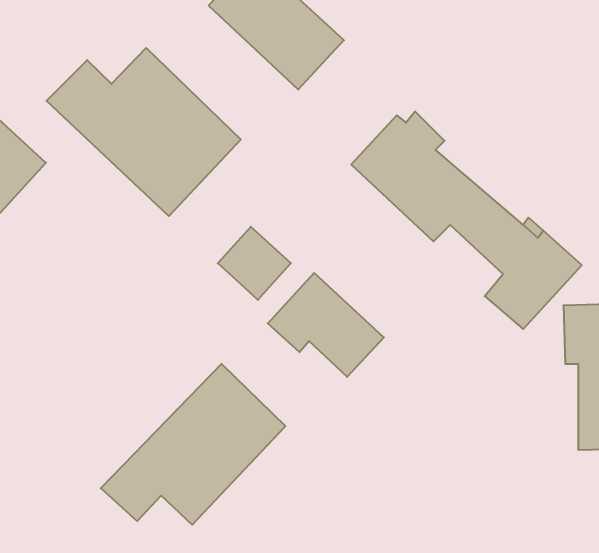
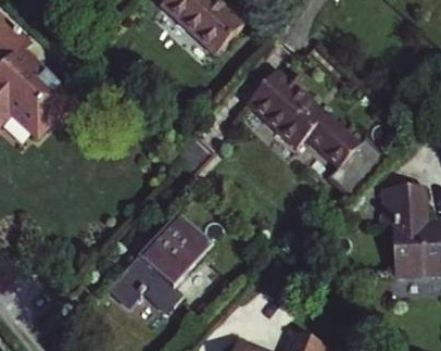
building: [46,48,241,216] -> none
building: [268,273,384,377] -> none

